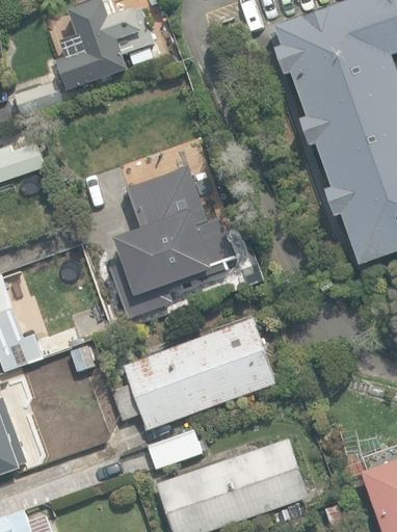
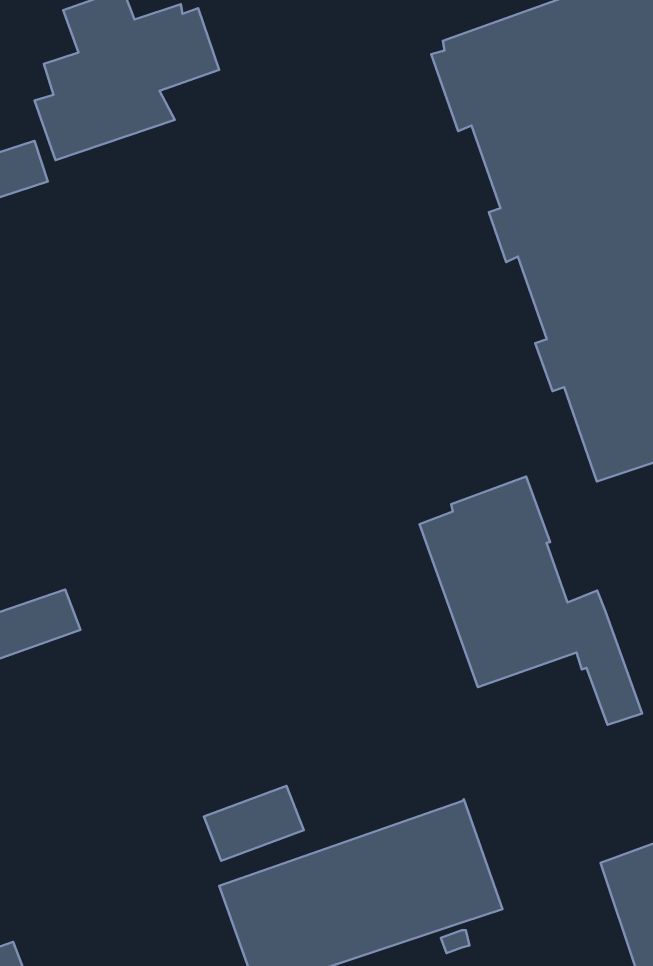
building: [109,167,236,320] -> none
building: none -> [419,476,642,725]
building: [112,318,276,428] -> none

